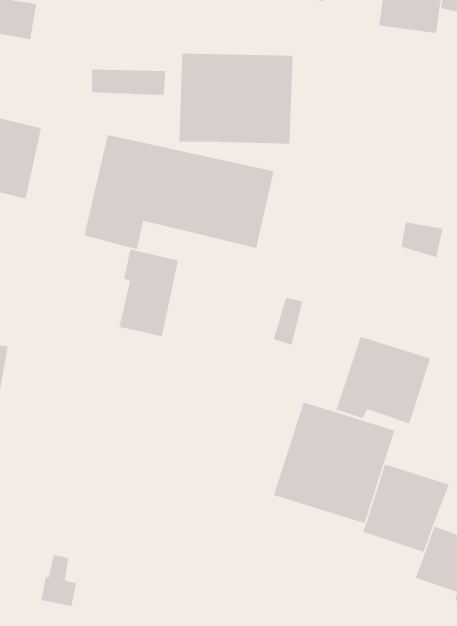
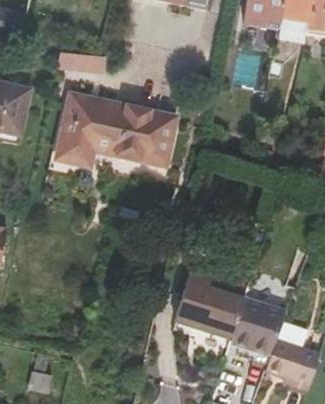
building: [179,53,293,144] -> none
building: [118,249,179,337] -> none
building: [335,336,431,424] -> none

